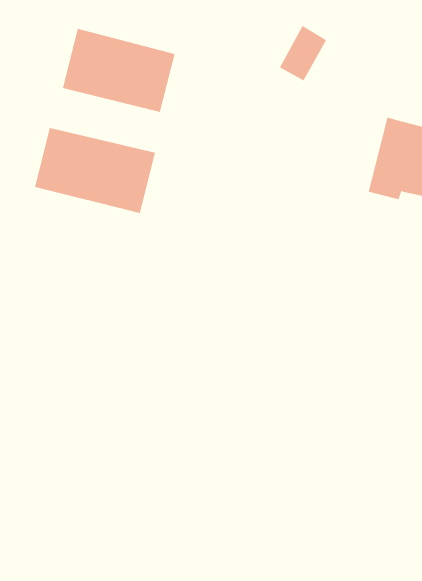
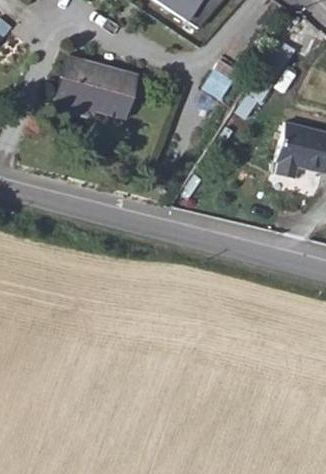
building: [35,127,156,214] -> none

